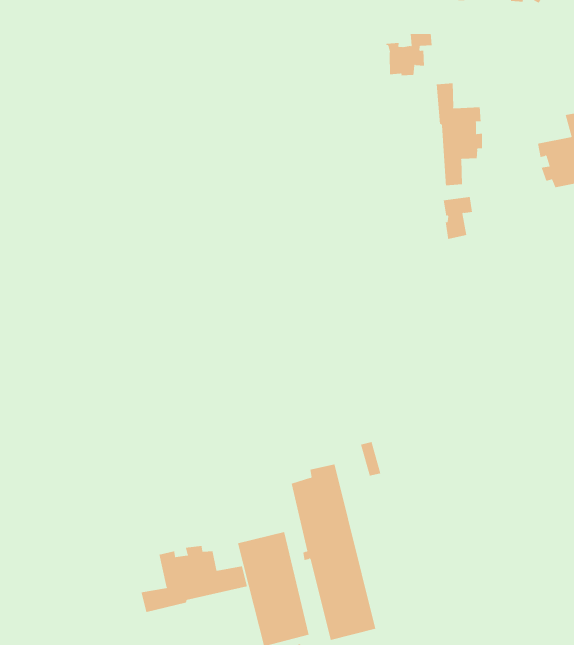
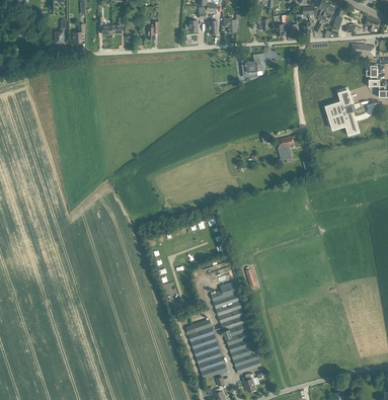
building: [436,83,483,186] -> none
building: [141,545,248,613] -> none

